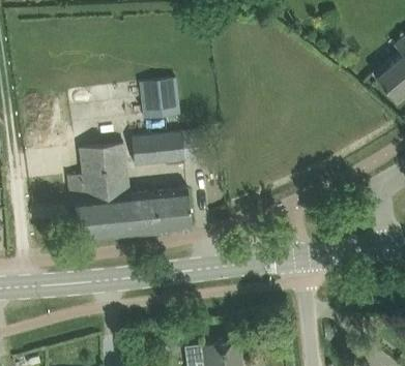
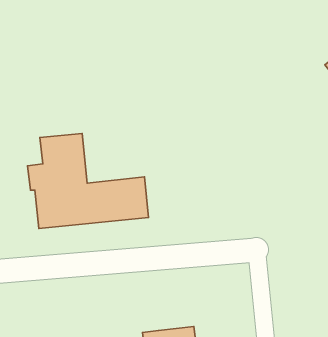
building: [139,79,180,118] -> none
building: [132,130,202,166] -> none

